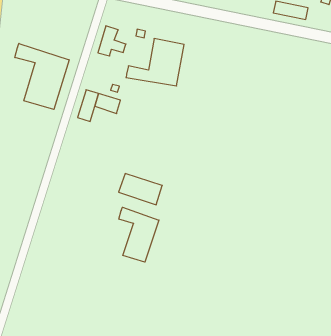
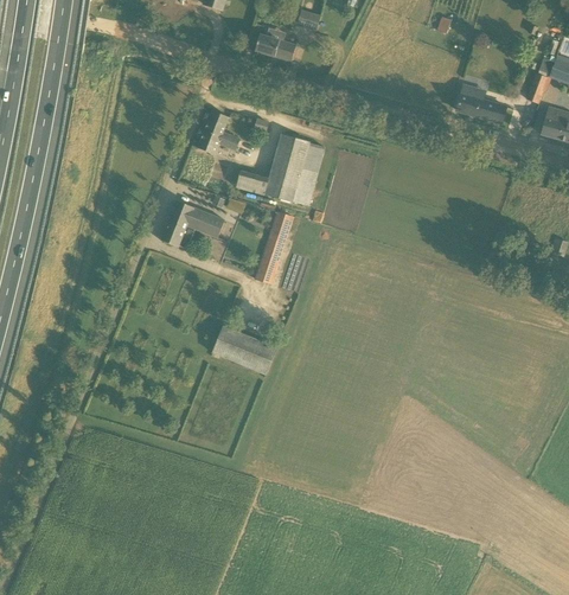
building: [15,43,69,109] -> none
building: none -> [255,212,294,284]
building: [119,207,159,262] -> none

